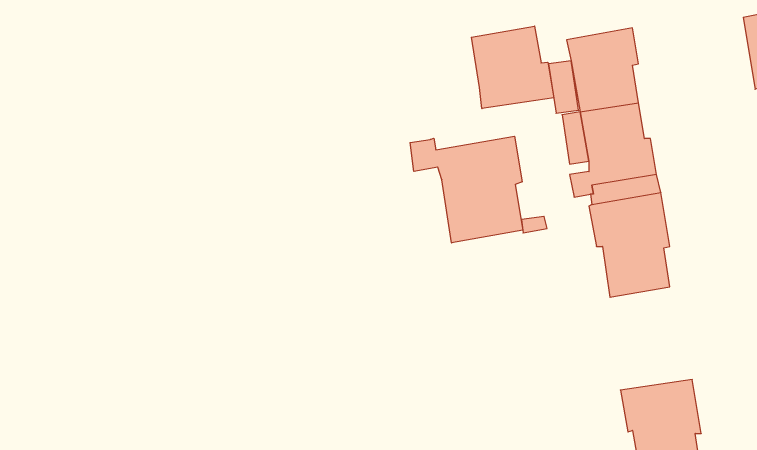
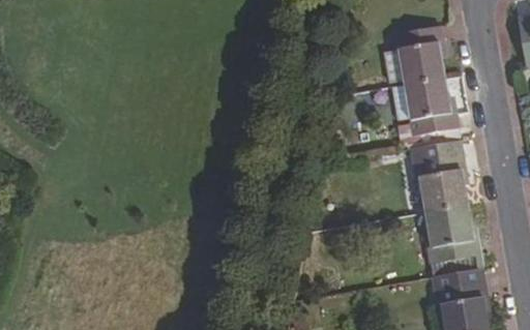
building: [471,26,554,109] -> none
building: [410,136,523,243] -> none
building: none -> [415,206,482,280]

